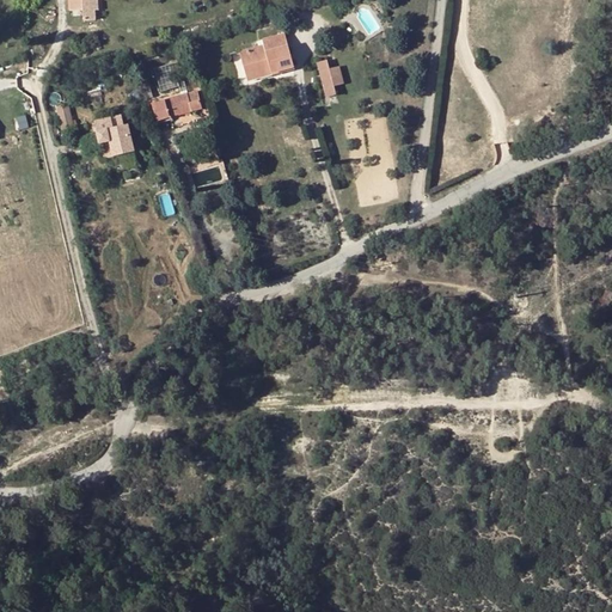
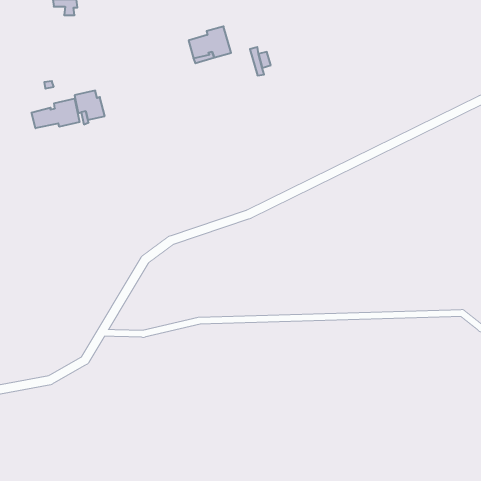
building: [152,90,201,120] -> none
building: none -> [32,99,80,128]

